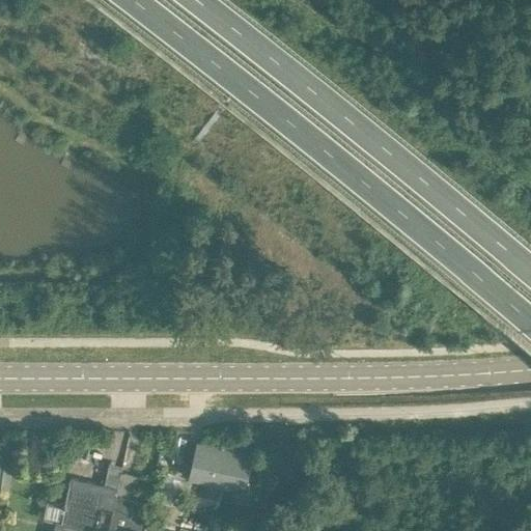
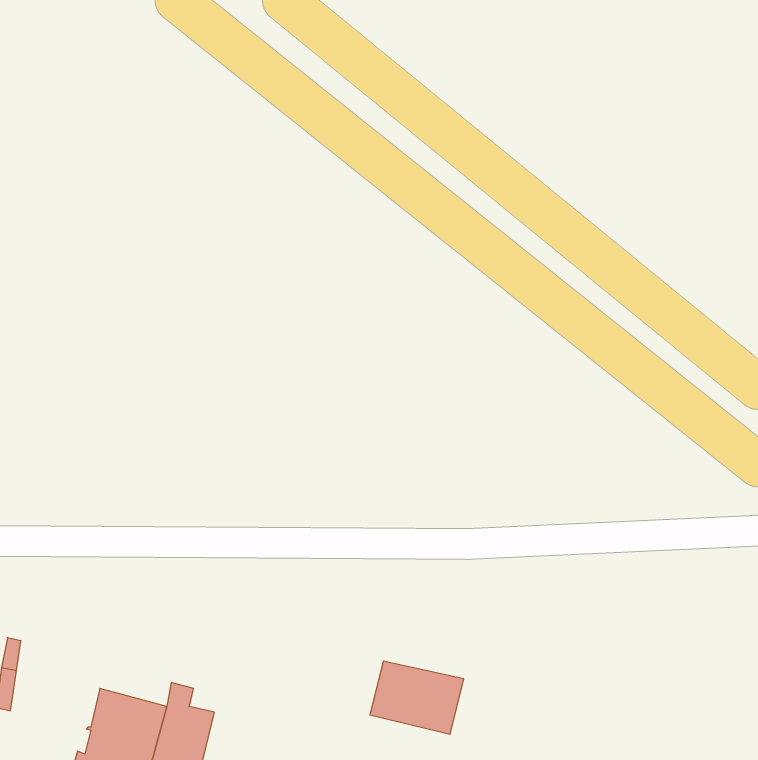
building: [186,443,251,494] -> [370,661,464,734]

